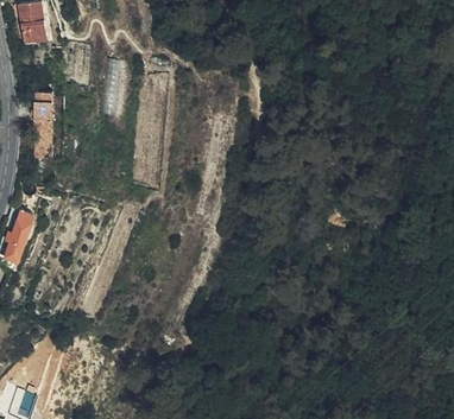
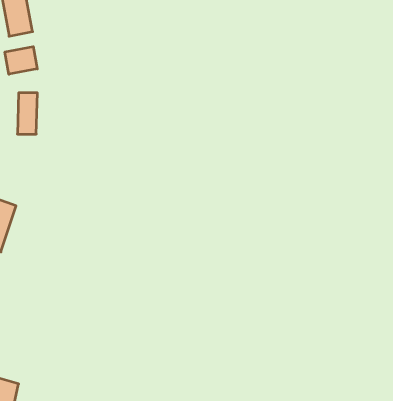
building: none -> [5,47,37,74]

